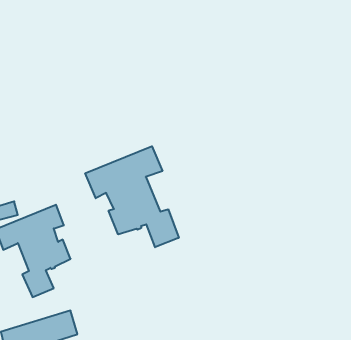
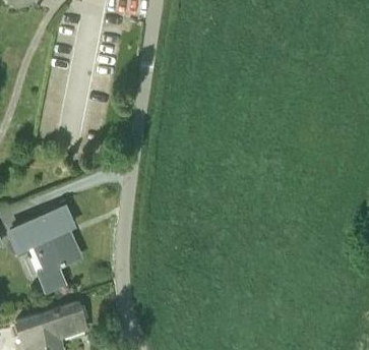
building: [85,146,179,247] -> none

